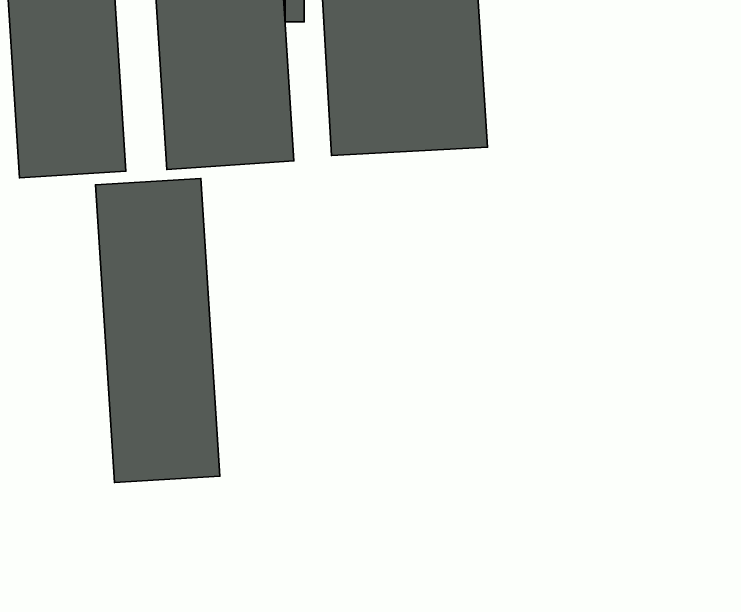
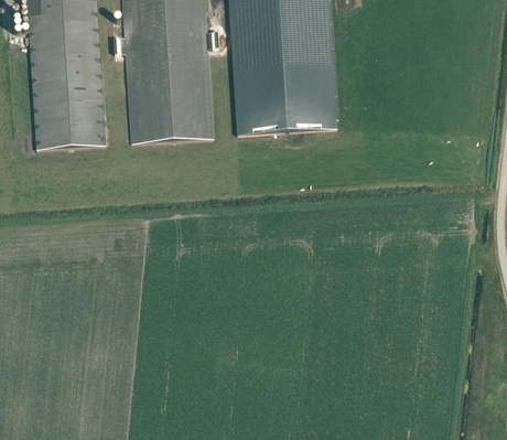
building: [95,179,220,482] -> none

